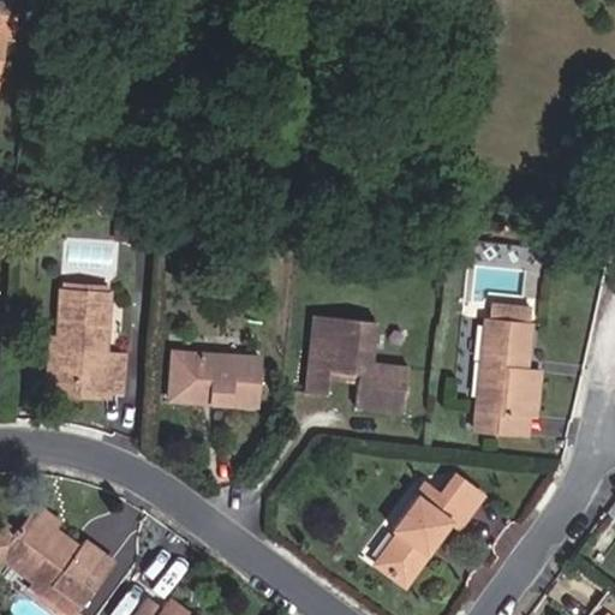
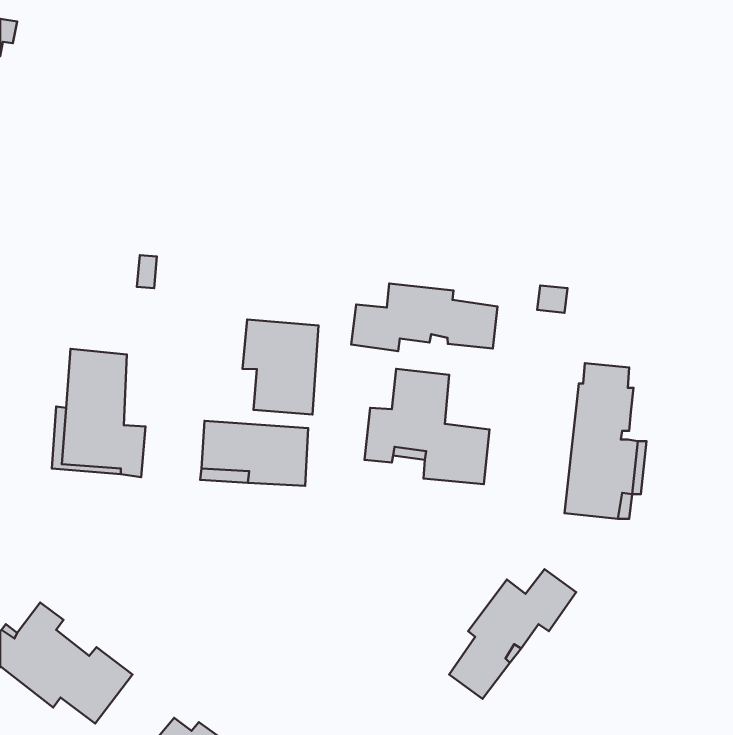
building: none -> [351,283,498,351]
building: none -> [242,320,319,414]

